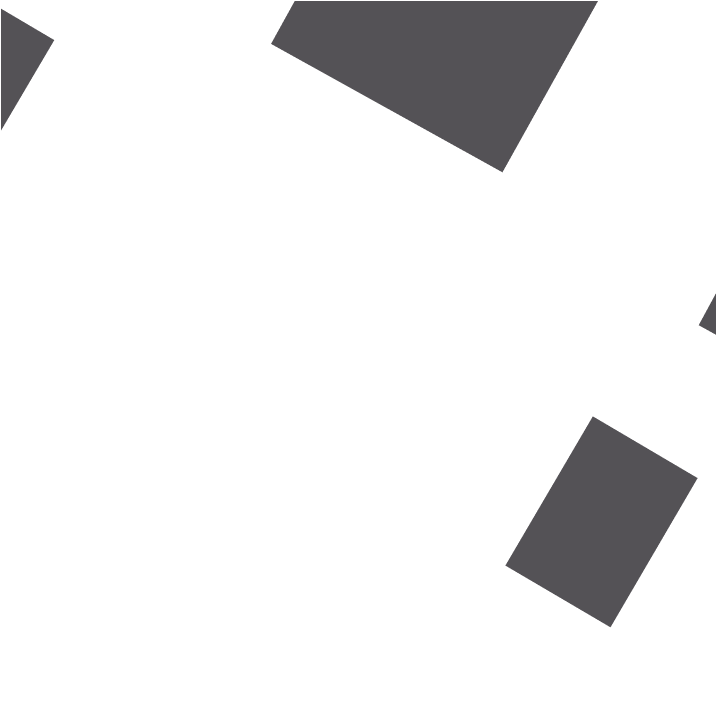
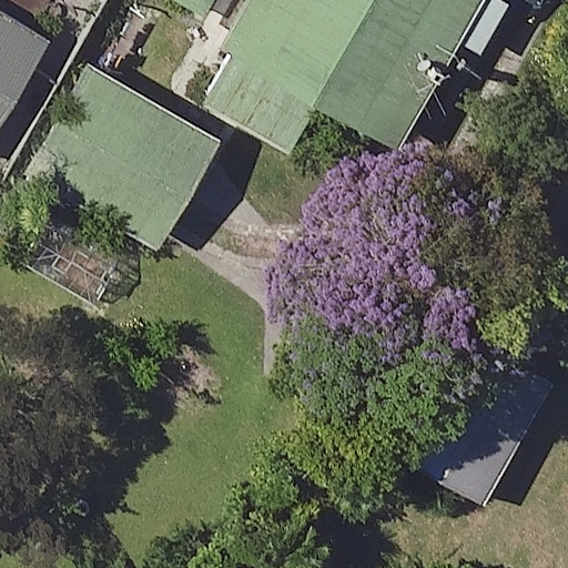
building: none -> [26,63,223,250]

